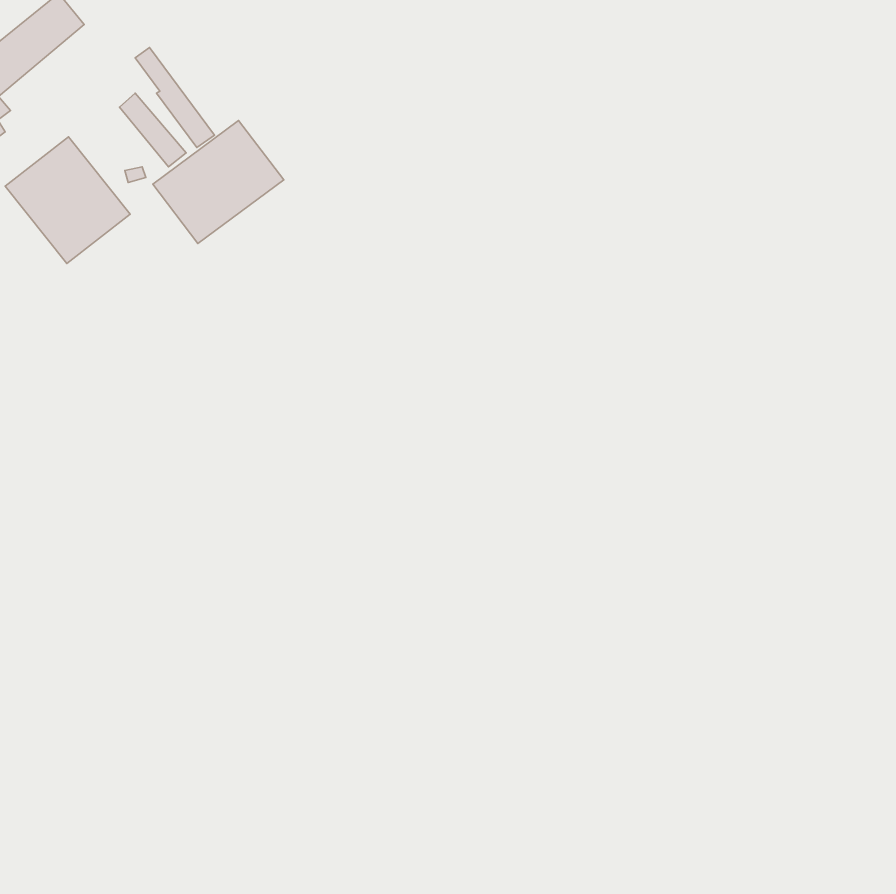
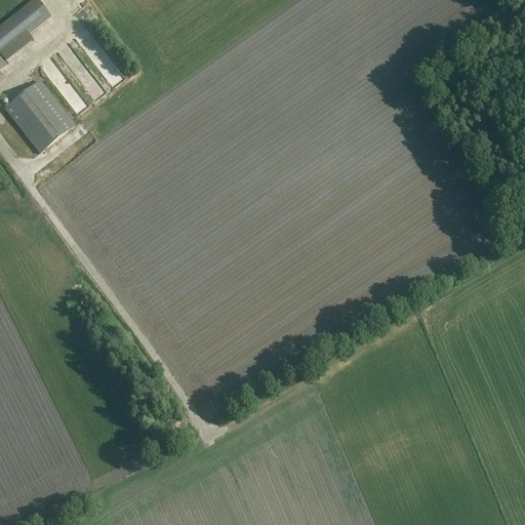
building: [153,121,284,243] -> none

